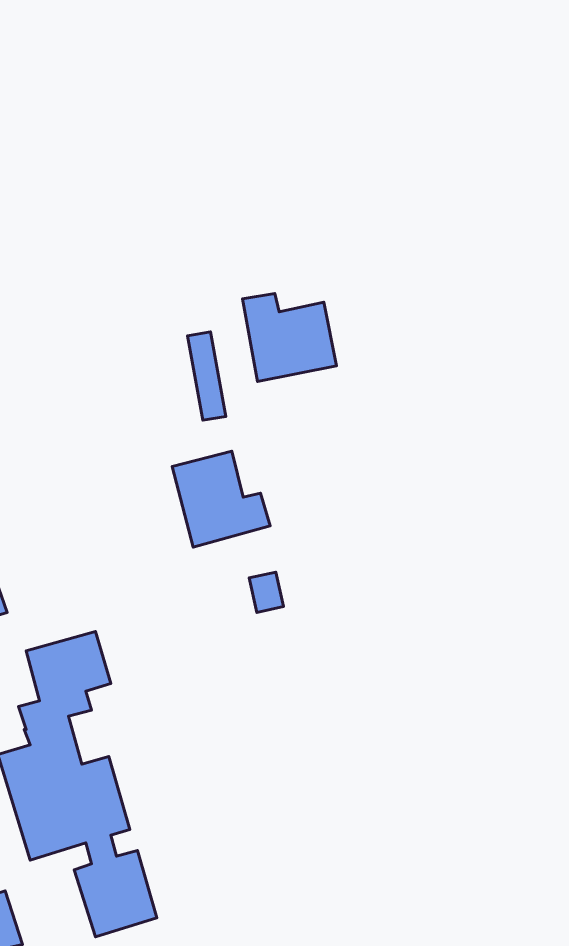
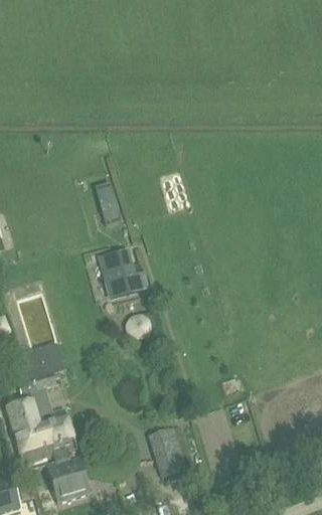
building: [242,293,337,381] -> none
building: none -> [149,428,188,480]

